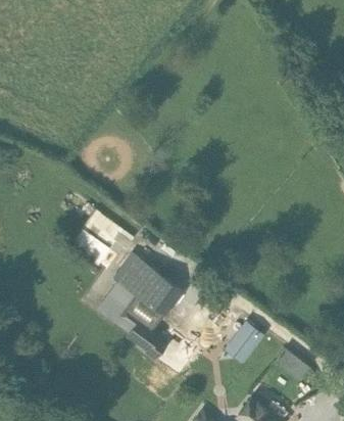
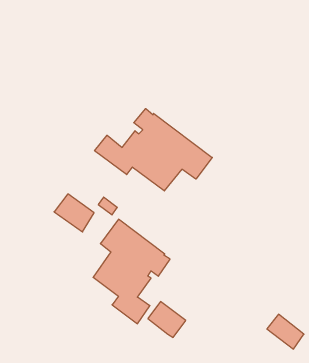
building: none -> [95,109,212,191]
building: [222,322,263,366] -> none

